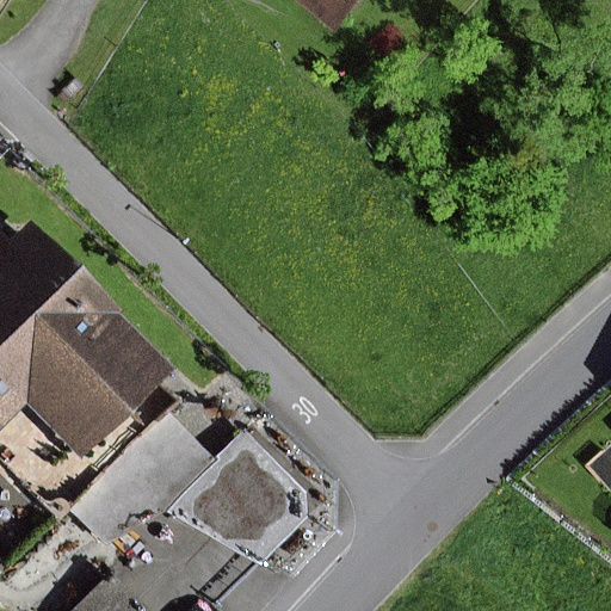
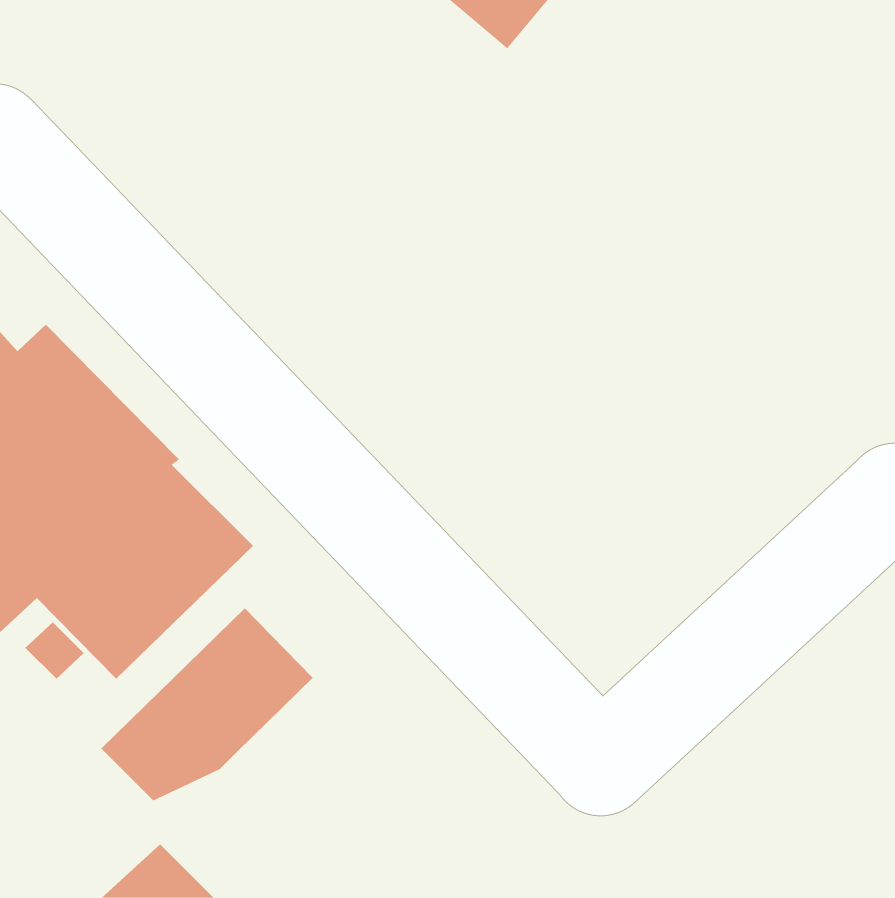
building: [161,430,317,566] -> none

